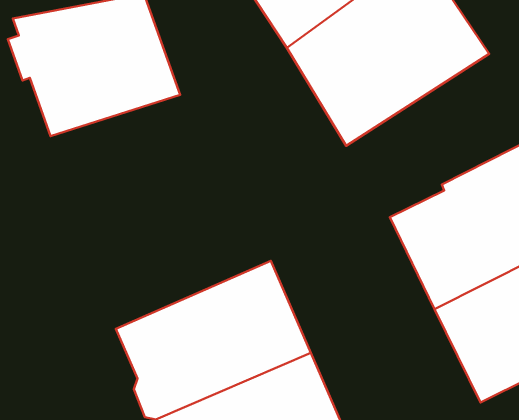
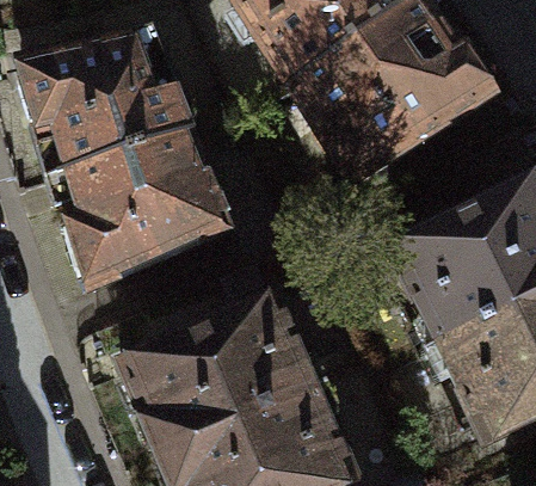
building: none -> [58,134,221,285]

